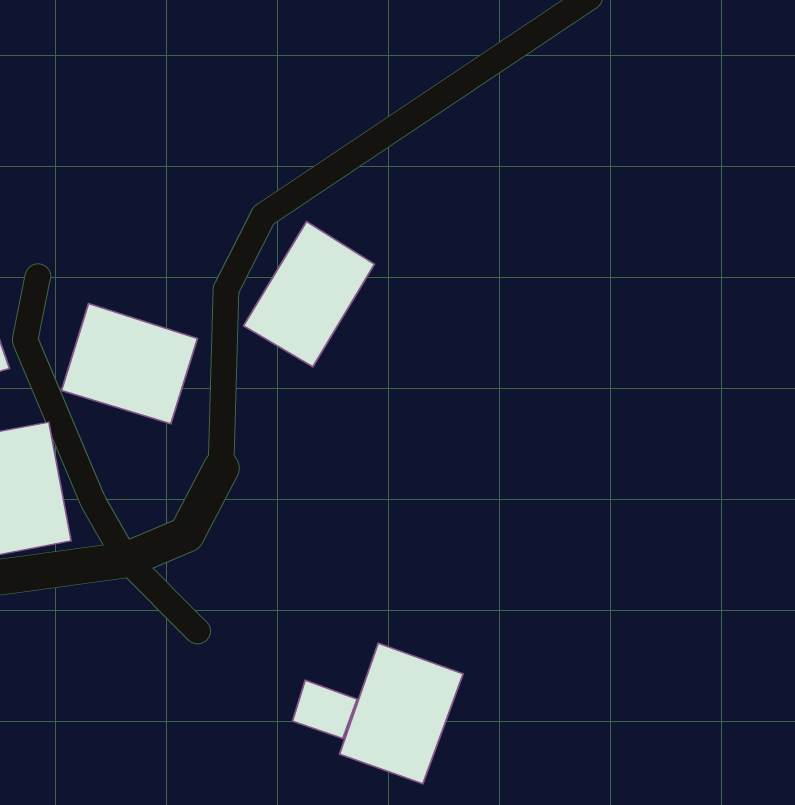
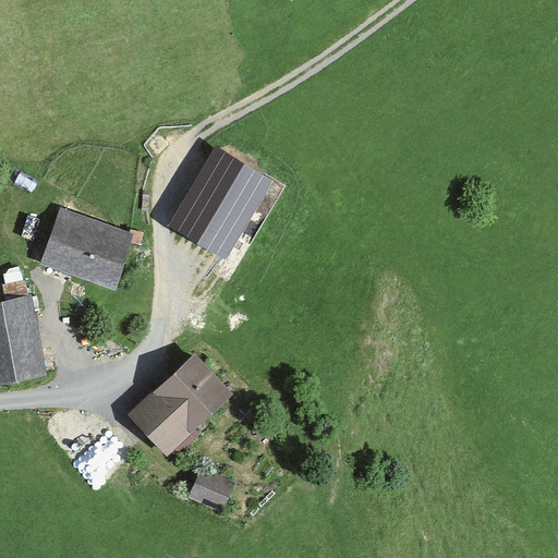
building: none -> [122,350,229,456]
building: [339,643,463,784] -> none

